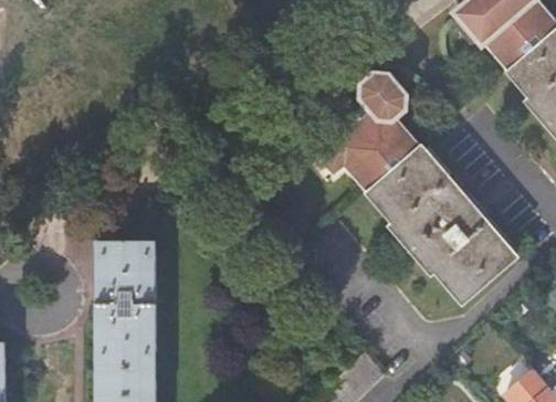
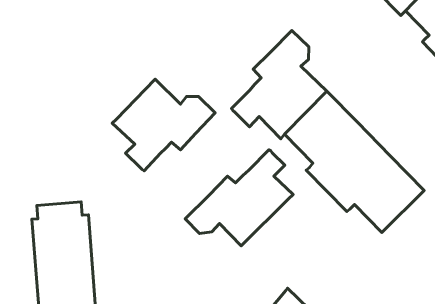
building: none -> [112,79,215,171]
building: none -> [185,150,293,246]

